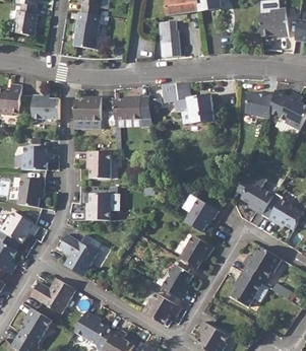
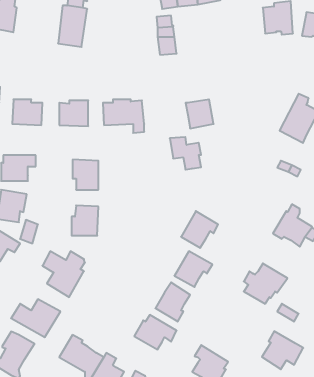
building: [163,83,191,113] -> [170,137,201,170]
building: [245,91,273,118] -> none
building: [237,168,274,215] -> none
building: [231,271,268,305] -> [262,331,303,369]

